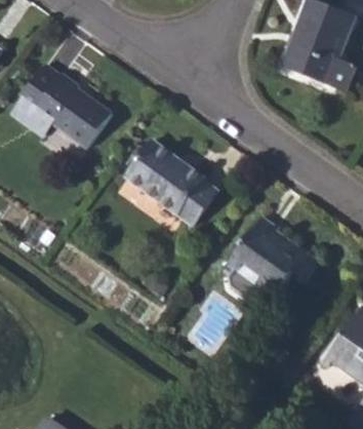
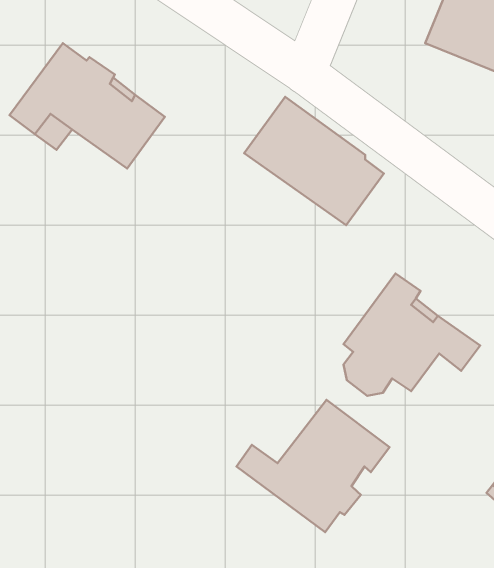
building: [125,140,216,224] -> [244,97,384,225]
building: none -> [236,400,389,532]

